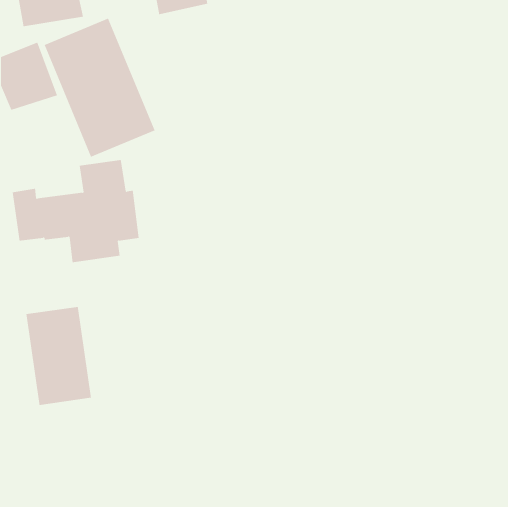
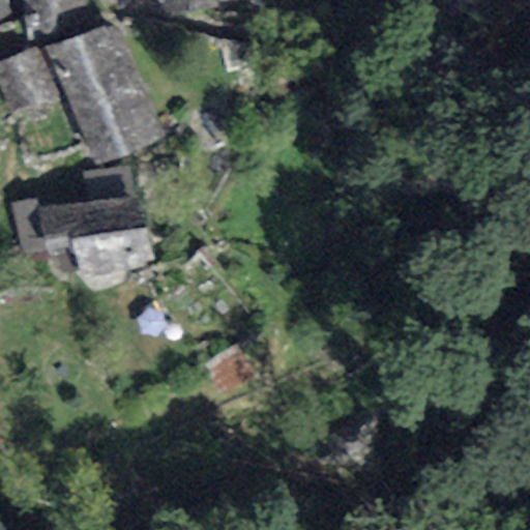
building: [26,306,91,406] -> none

